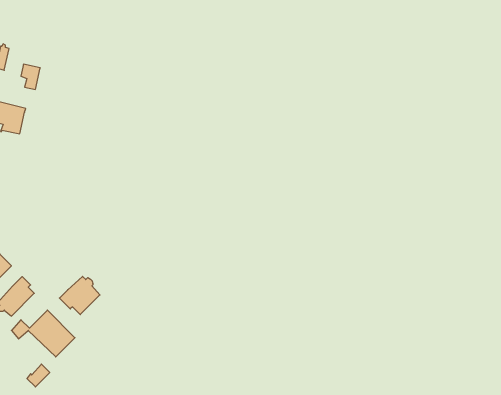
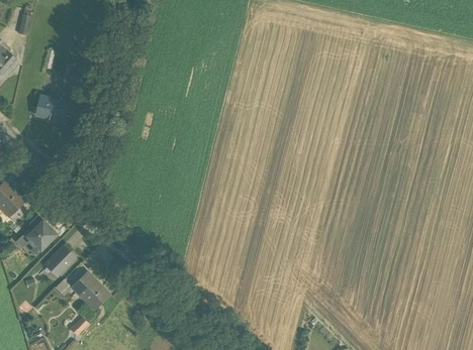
building: [59,276,100,315] -> none

